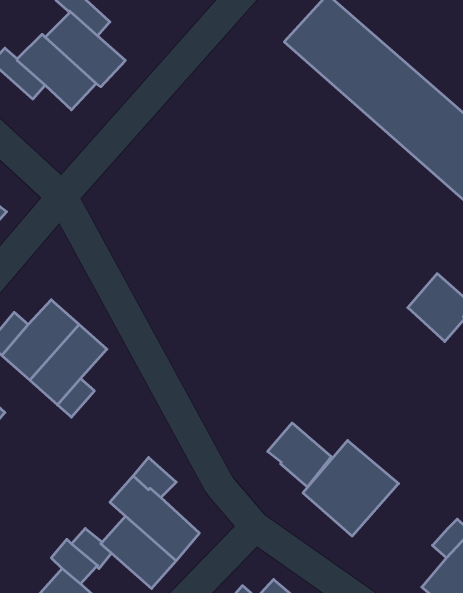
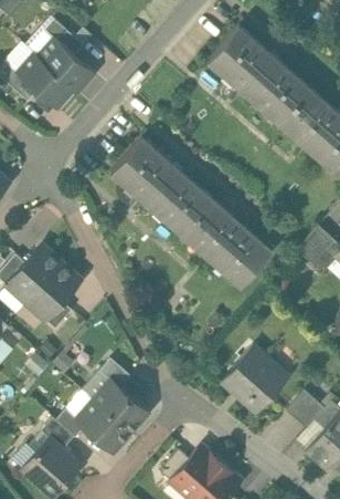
building: none -> [110,137,272,288]
building: [268,423,331,487] -> none
building: none -> [287,392,325,429]

